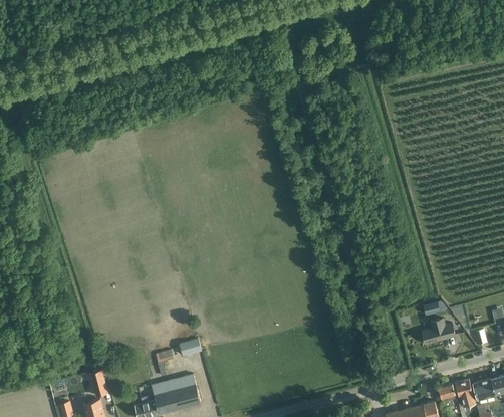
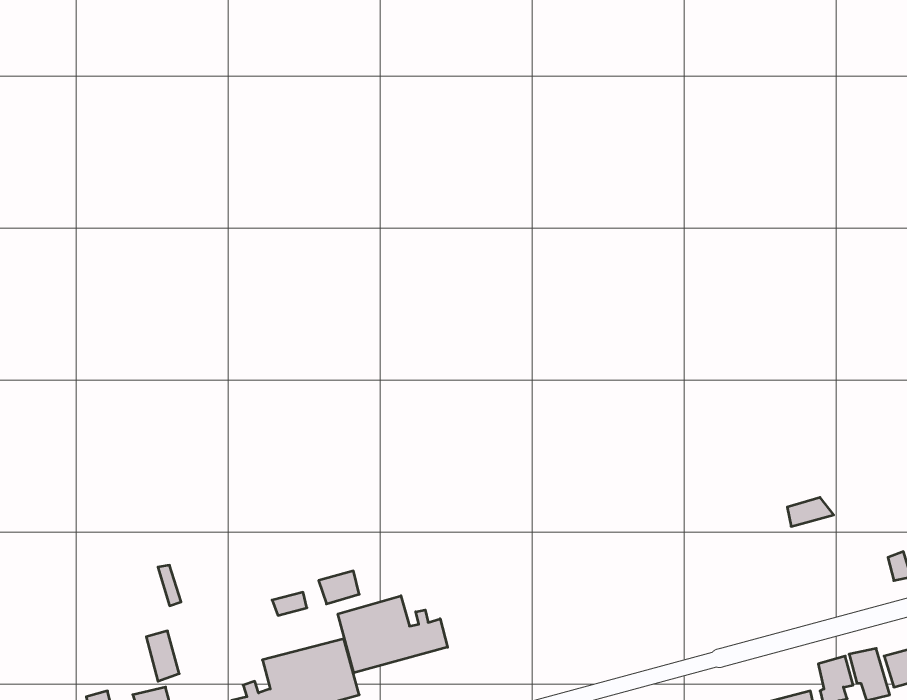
building: [422,318,455,344] -> none
building: none -> [338,596,448,673]

